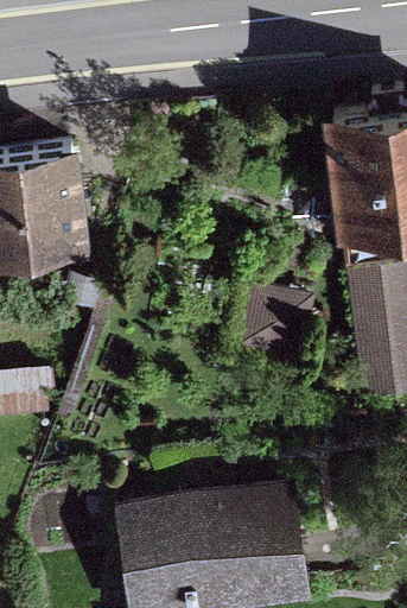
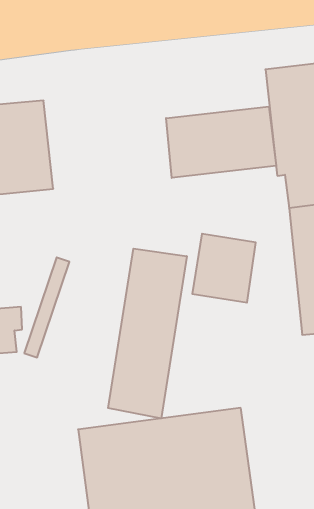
building: none -> [166,107,276,178]
building: none -> [108,249,187,418]

